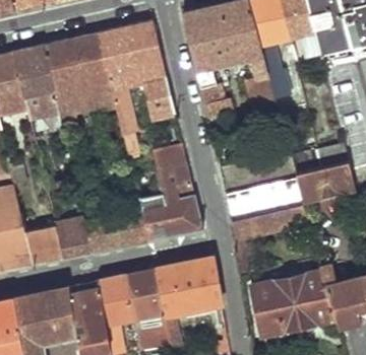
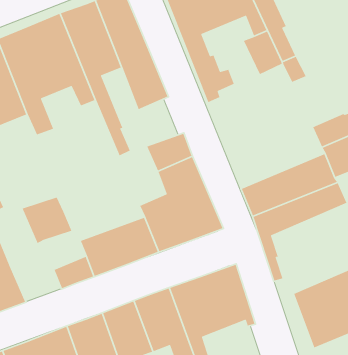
building: [26,227,65,264] -> [22,196,72,244]

